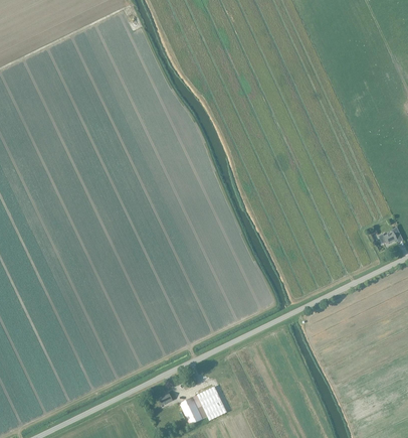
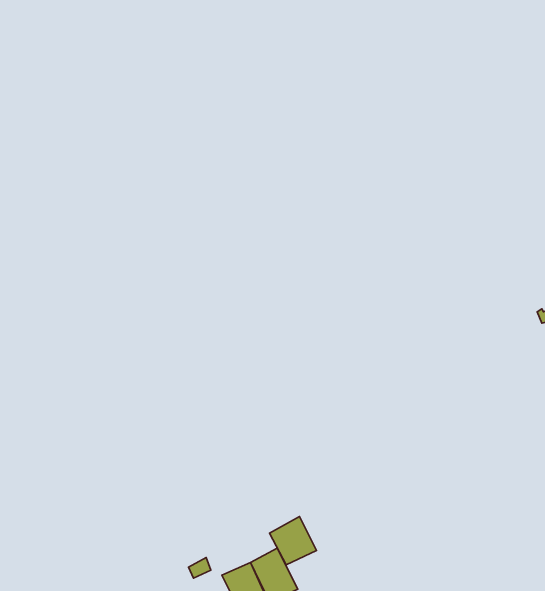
building: none -> [269,517,316,565]

